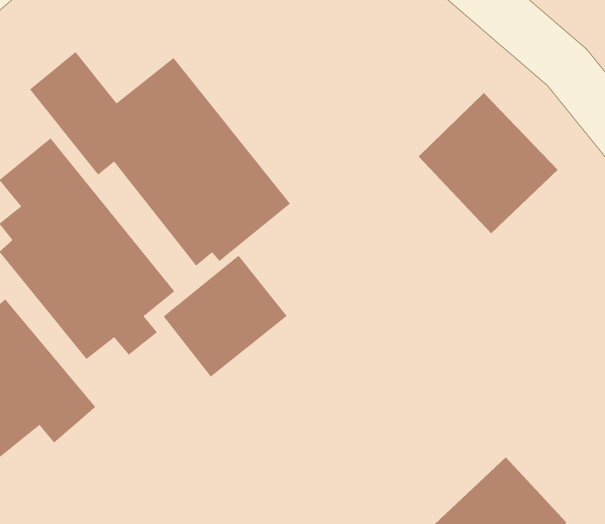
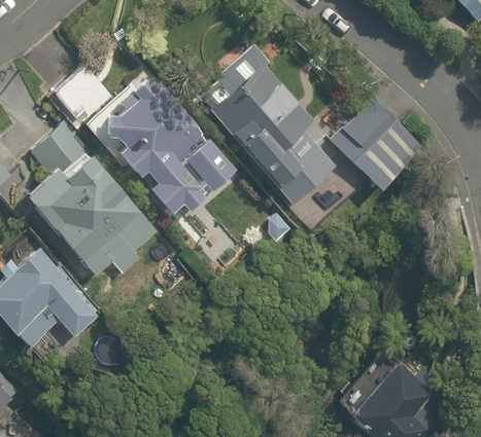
building: none -> [199,45,322,187]
building: [163,255,287,377] -> none

